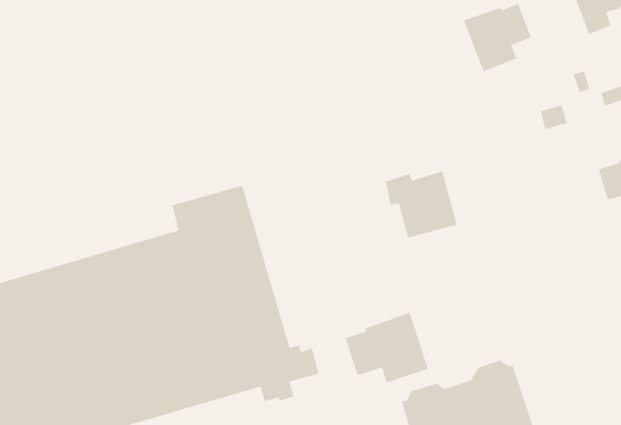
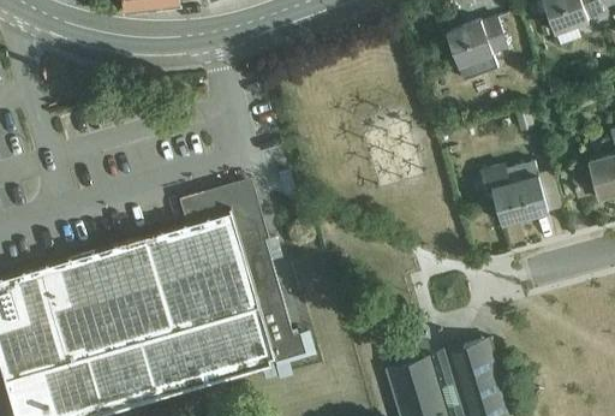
building: [385,171,458,238] -> [480,161,547,222]
building: [345,312,429,383] -> none

